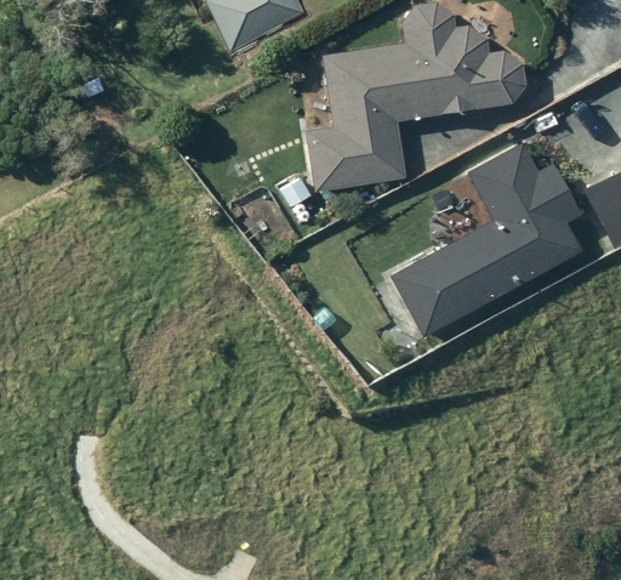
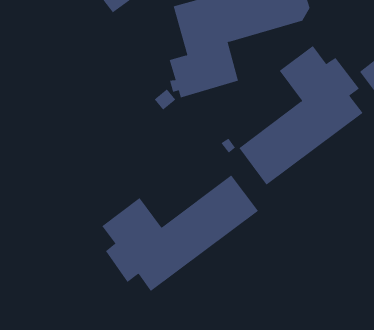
building: none -> [101,175,259,292]

